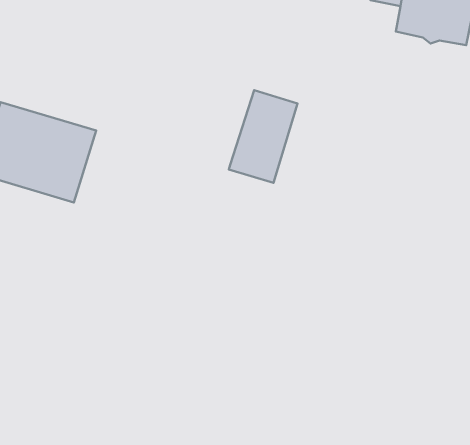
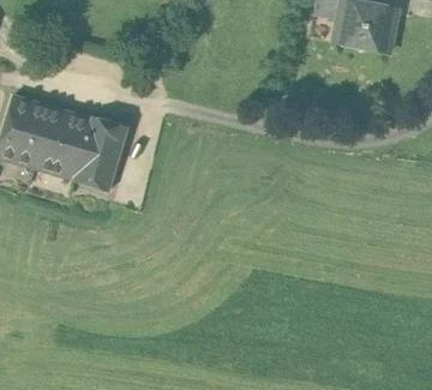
building: [229,90,298,183] -> [73,118,128,192]

